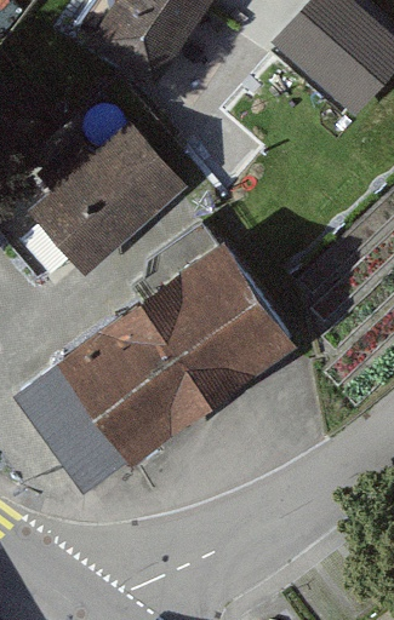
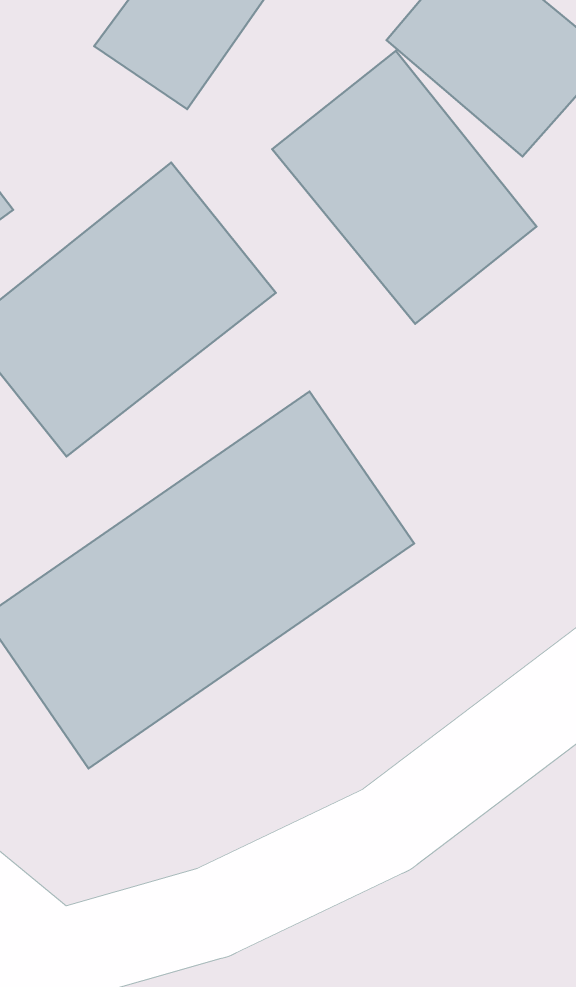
building: none -> [272,51,537,324]

